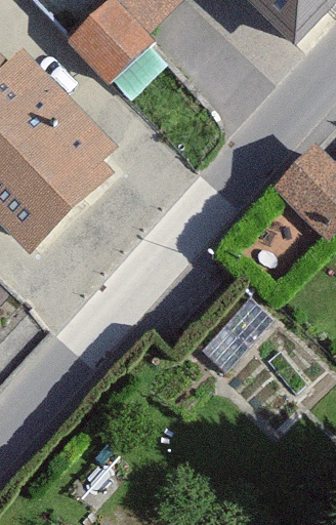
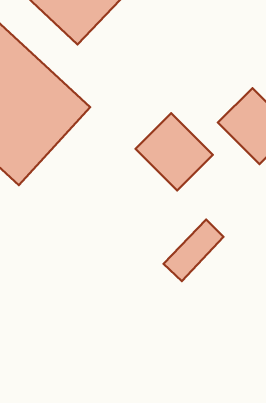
building: none -> [136,113,213,190]

